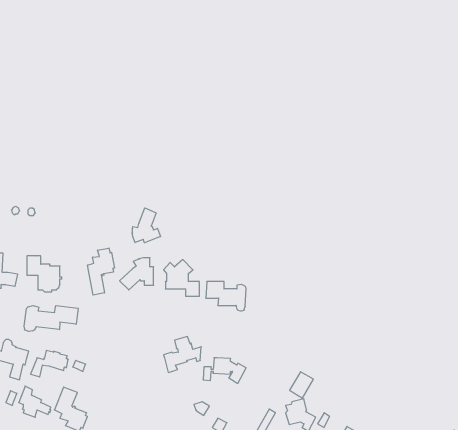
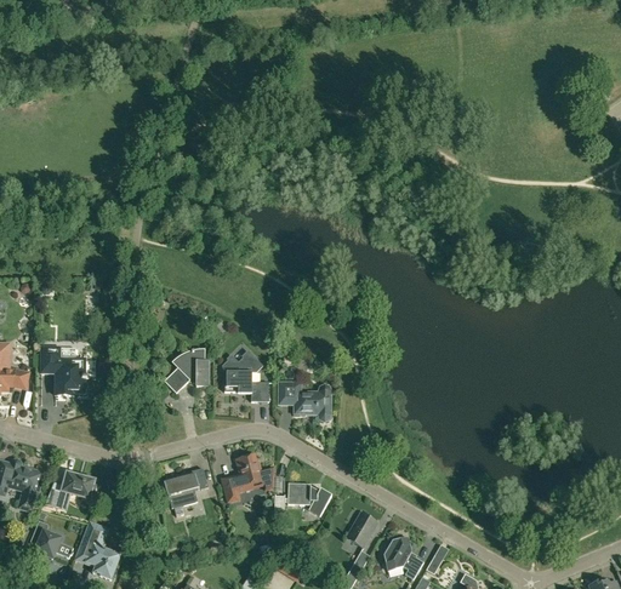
building: [132,208,161,243] -> none
building: [88,248,114,295] -> none
building: [24,306,78,331] -> none
building: none -> [164,469,207,508]
building: [290,372,313,398] -> [346,513,377,548]

